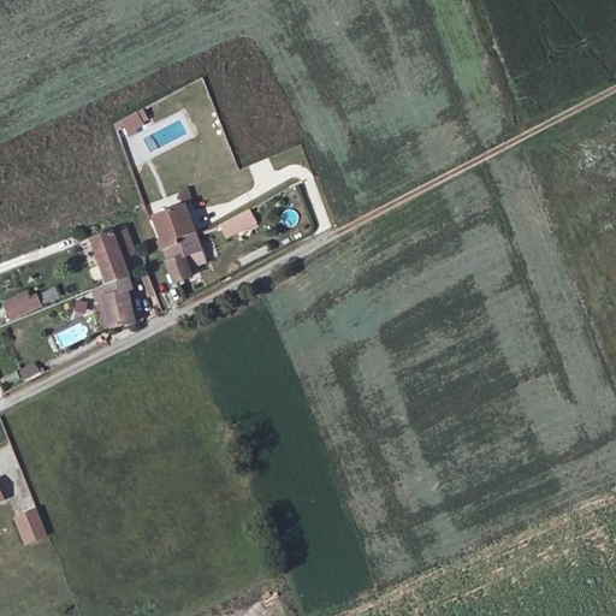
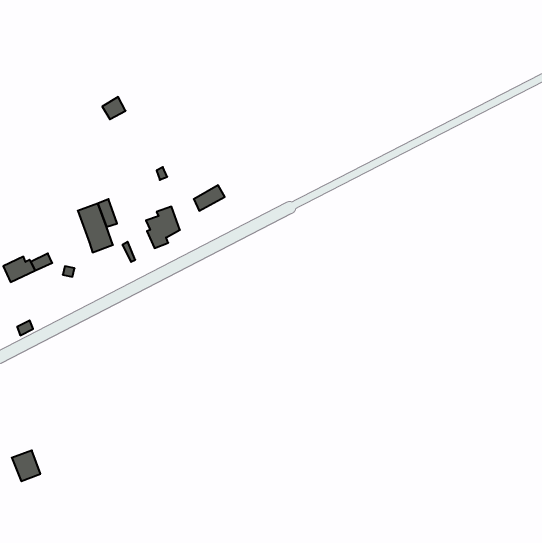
building: [153,205,194,249] -> none
building: [99,274,135,330] -> none

